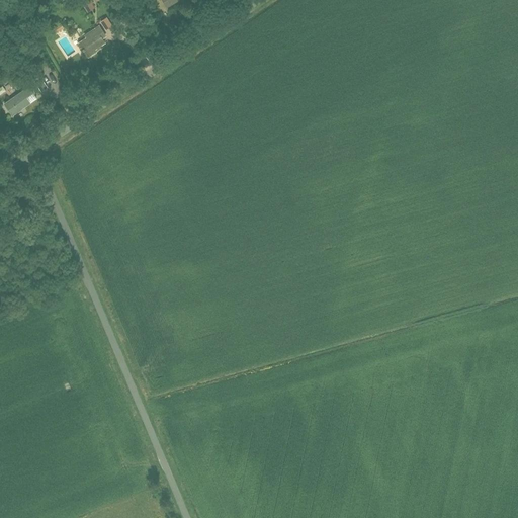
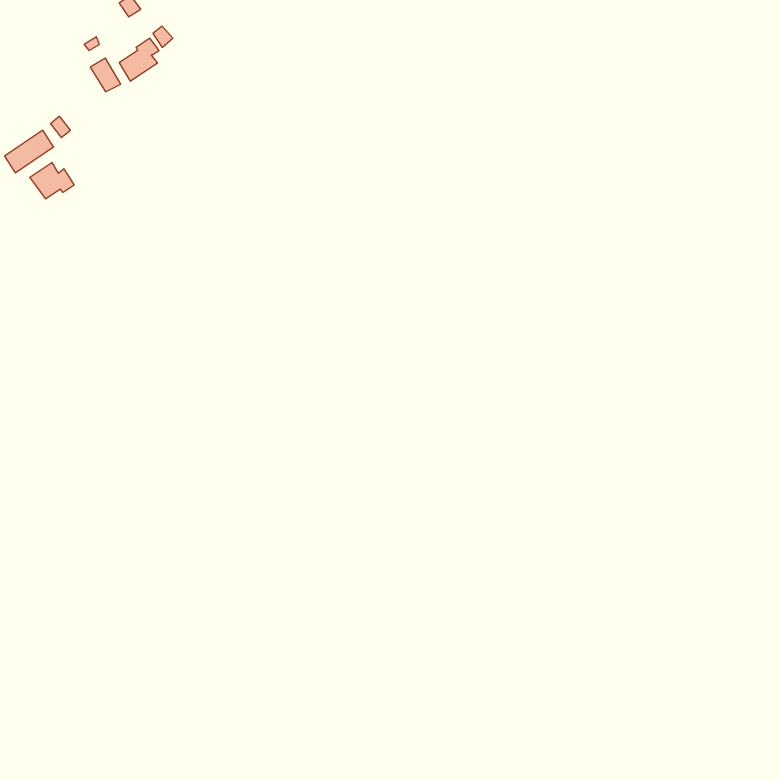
building: none -> [30,162,74,199]

